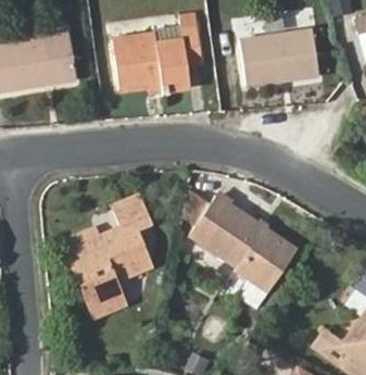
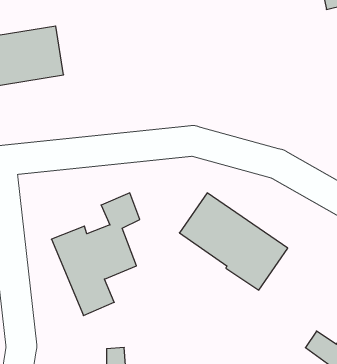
building: [113,12,202,91] -> none
building: [241,28,319,86] -> none

